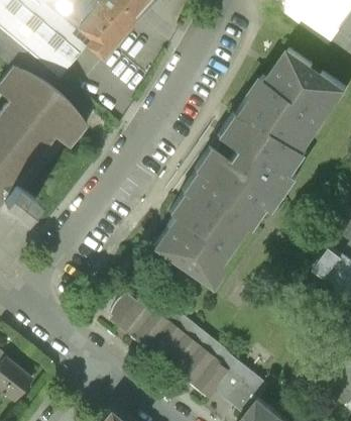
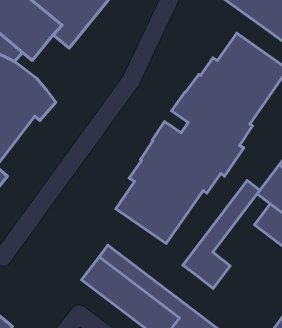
building: none -> [183,180,260,288]

